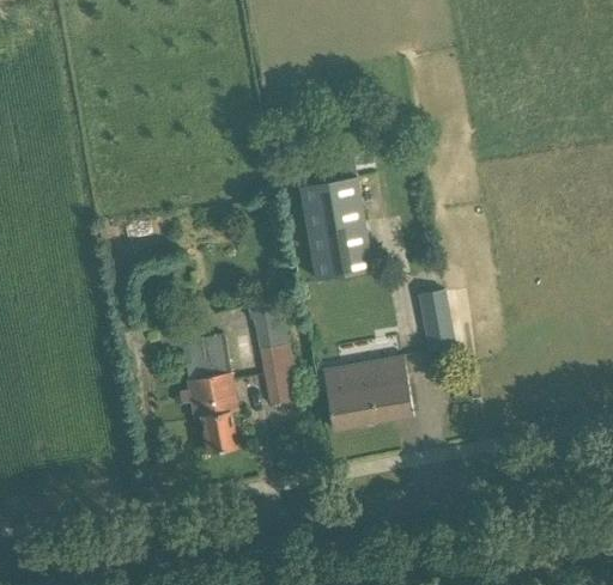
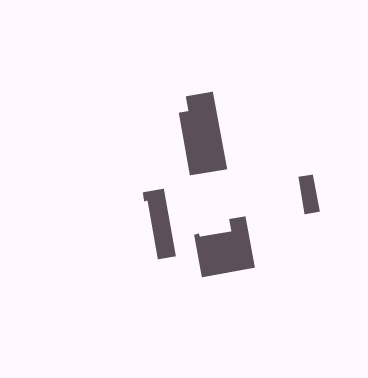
building: [420,291,455,352] -> [297,174,321,215]
building: [180,336,237,453] -> none

